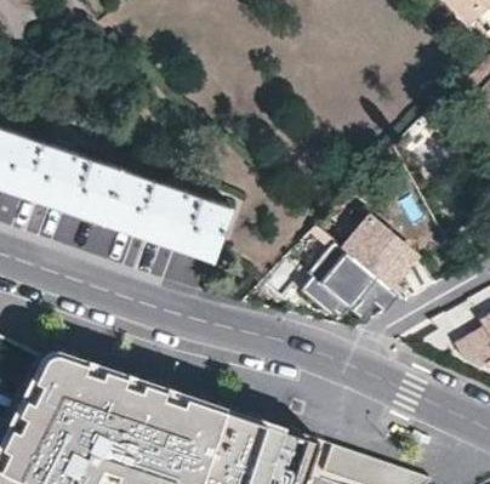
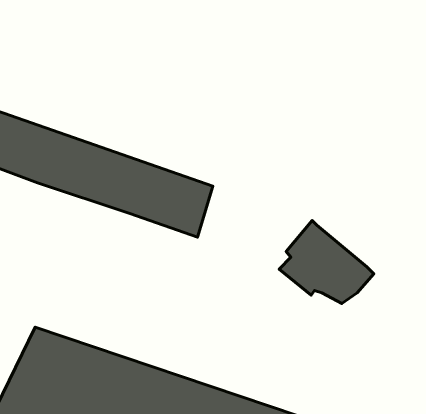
building: [338,215,417,290] -> none

